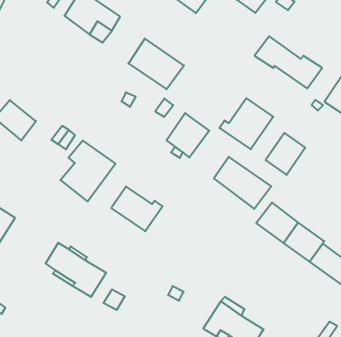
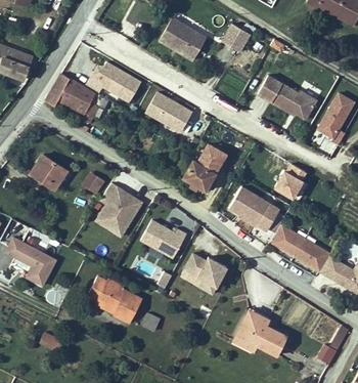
building: none -> [46,73,98,131]
building: [219,98,273,149] -> none
building: none -> [186,255,227,295]

